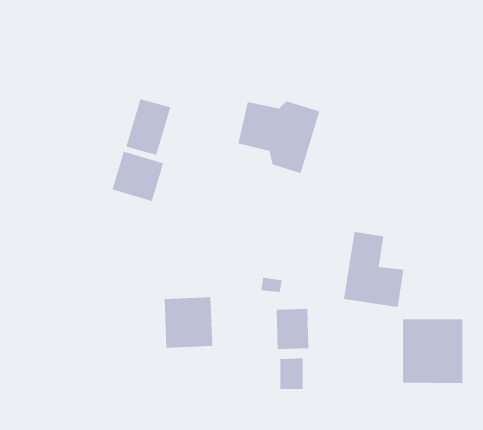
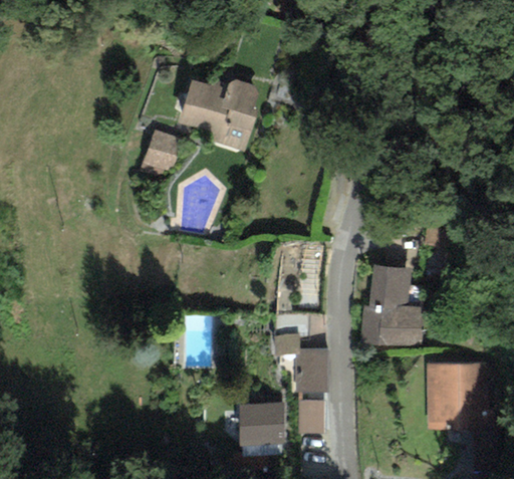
building: [238,101,320,174] -> [178,75,265,153]
building: [112,151,164,202] -> none
building: [164,297,213,348] -> [233,404,285,458]

